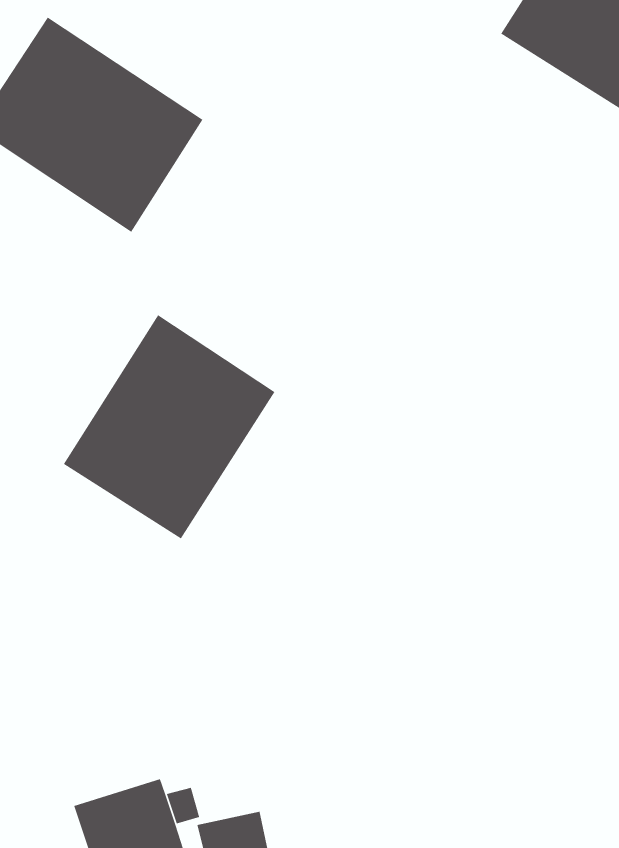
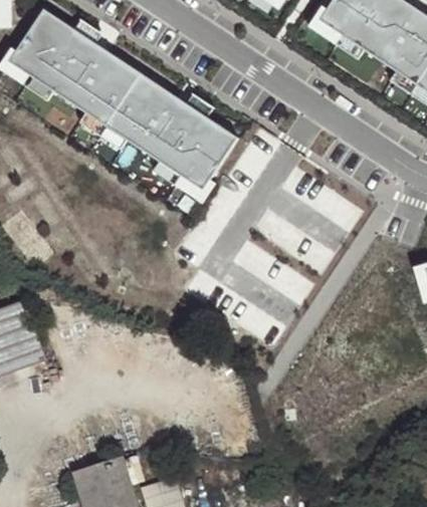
building: none -> [103,71,243,198]
building: [63,314,276,540] -> none

